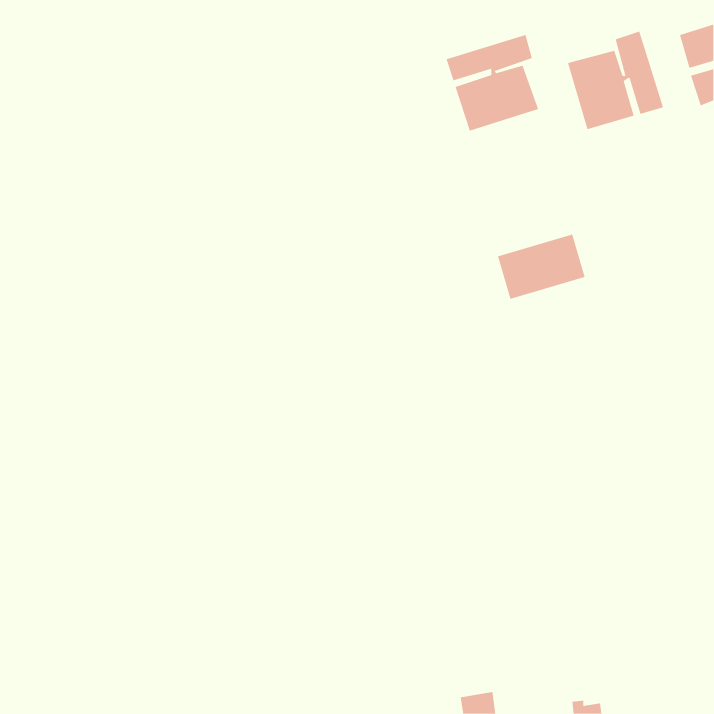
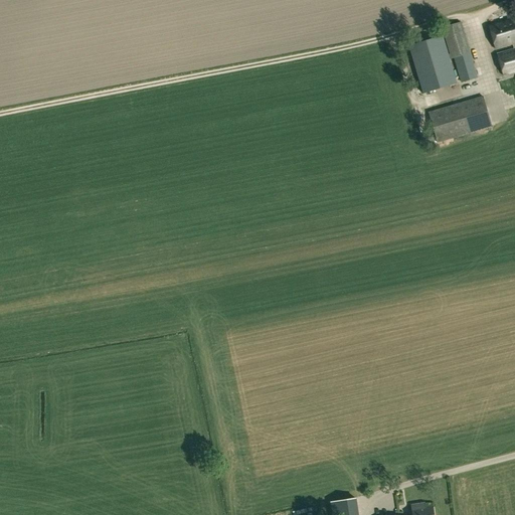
building: [446,34,539,132] -> none
building: [497,234,585,299] -> [428,96,492,143]

